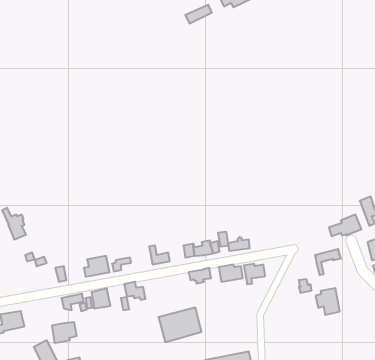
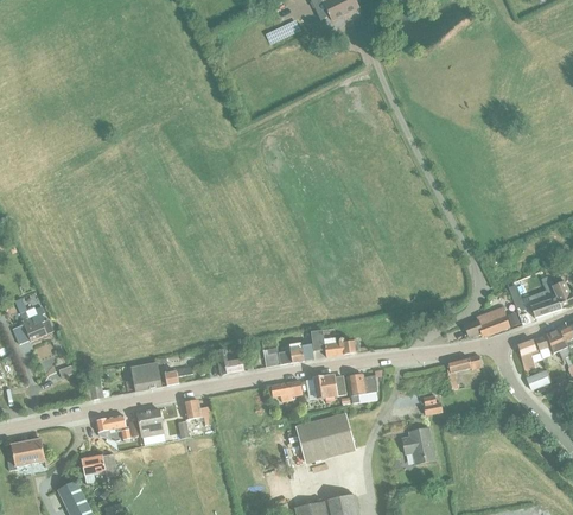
building: [316,288,340,315] -> [402,427,435,464]
building: [158,308,201,342] -> [295,413,355,460]

